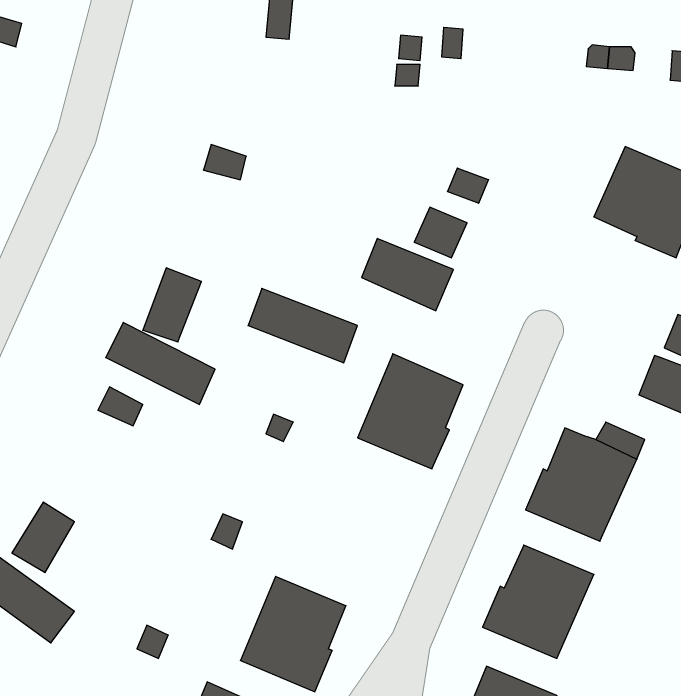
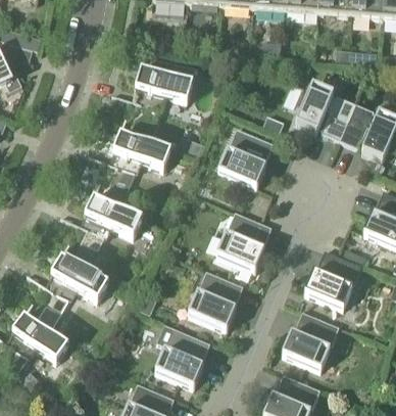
building: none -> [134,68,192,103]
building: none -> [295,85,355,140]
building: [248,288,357,363] -> [112,132,169,171]
building: none -> [50,257,107,302]
building: none -> [187,271,242,331]

